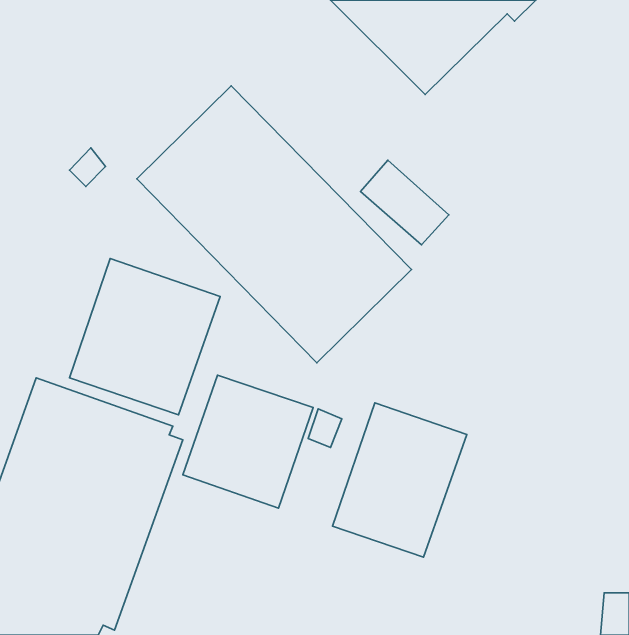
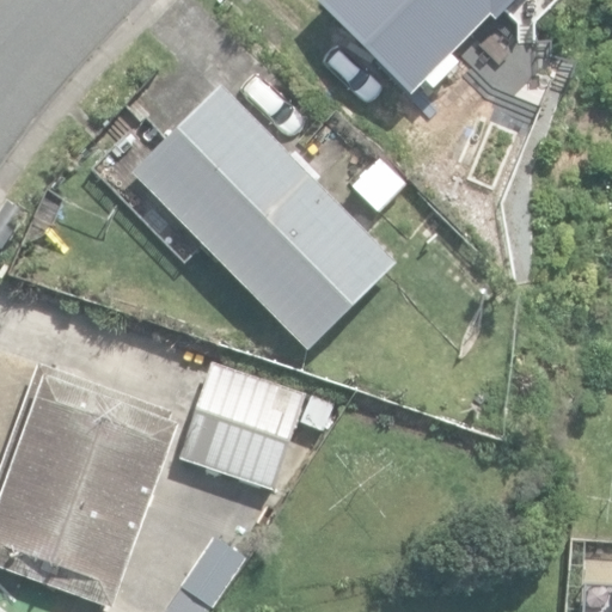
building: [69,258,220,415] -> none
building: [333,403,467,557] -> none

